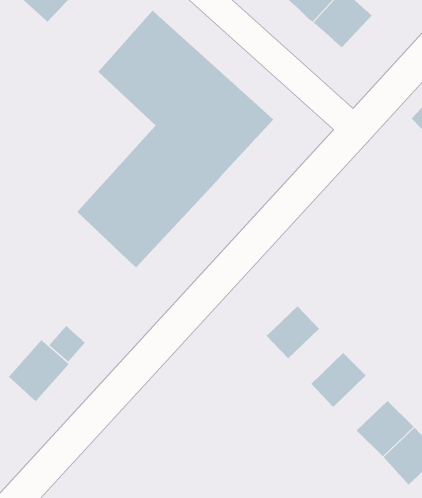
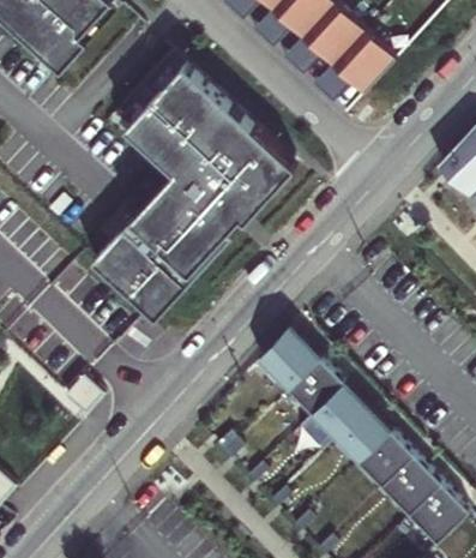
building: none -> [258,325,320,390]
building: none -> [309,382,366,438]
building: [8,339,69,402] -> none
building: none -> [356,431,411,486]

